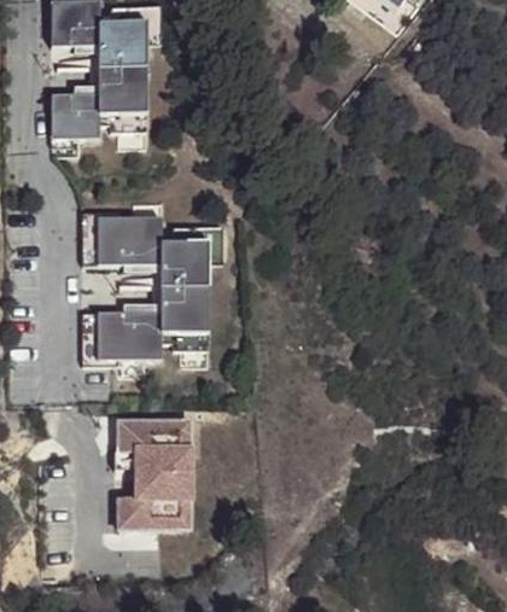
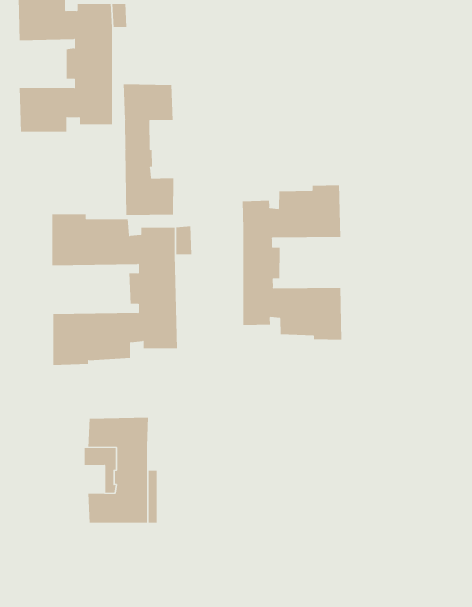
building: none -> [123,84,174,216]
building: none -> [242,184,342,340]

